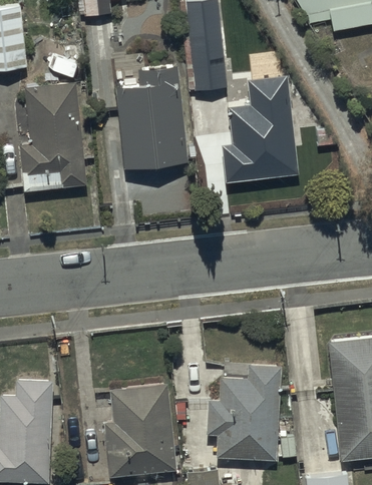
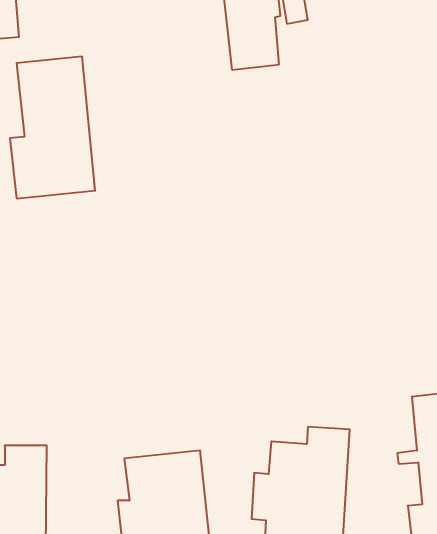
building: [113,65,188,168] -> none
building: [222,75,297,181] -> none

